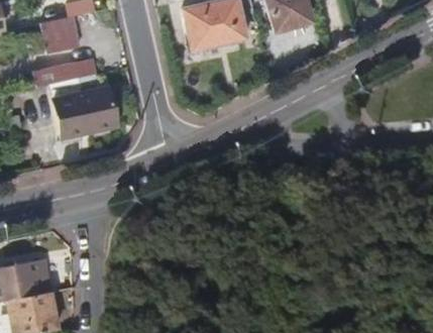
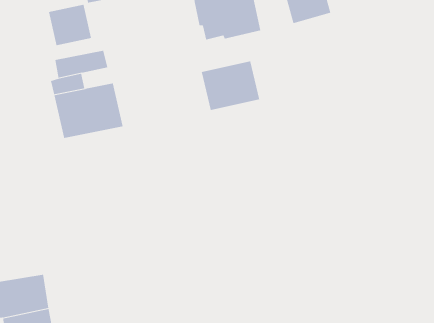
building: none -> [201,61,260,111]

